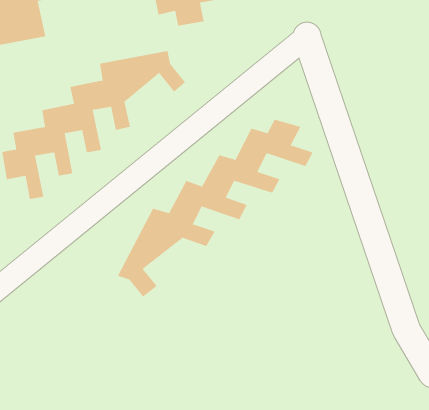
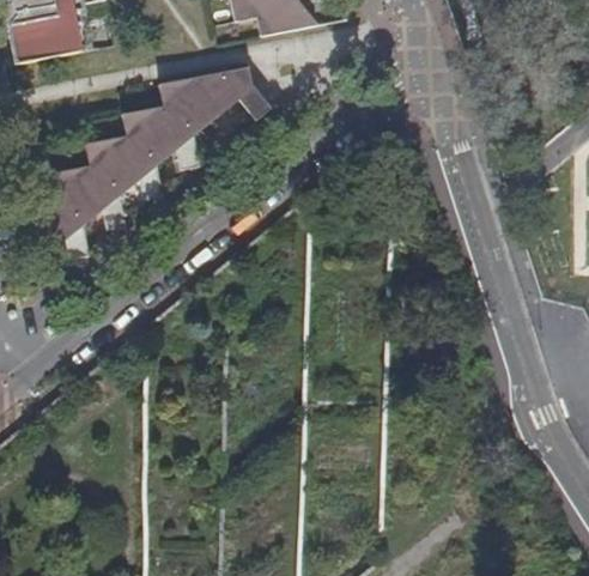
building: [117,119,313,297] -> none

